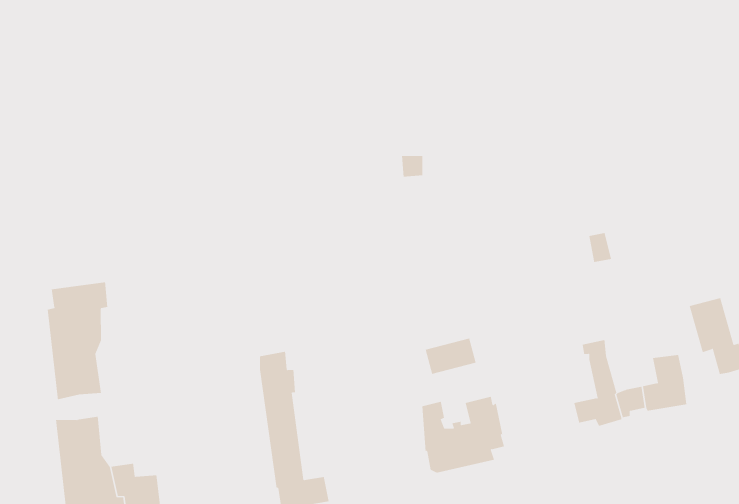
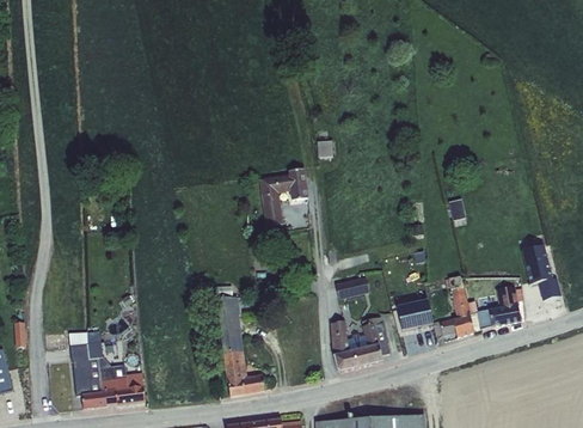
building: none -> [258,170,308,226]
building: [47,282,108,400] -> none
building: none -> [397,299,432,330]

